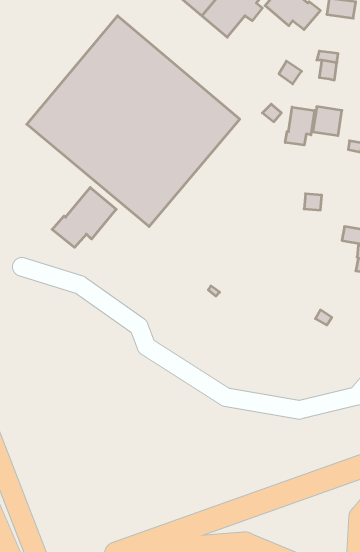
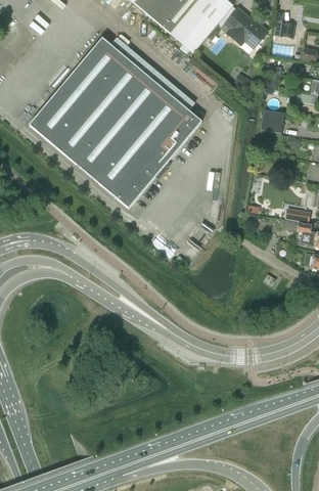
building: [285,107,314,145] -> none
building: [52,187,116,247] -> none

